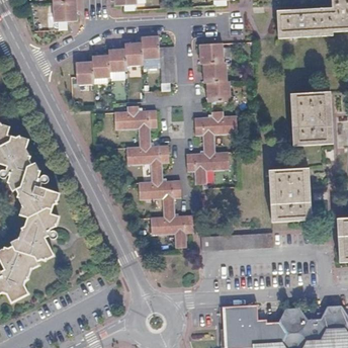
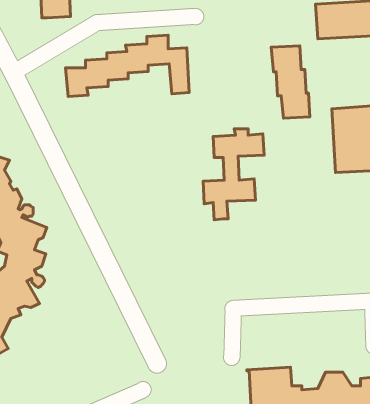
building: [198,42,230,101] -> [271,46,310,118]
building: [113,106,192,249] -> none
building: [269,169,312,223] -> none
building: [200,235,273,252] -> none

